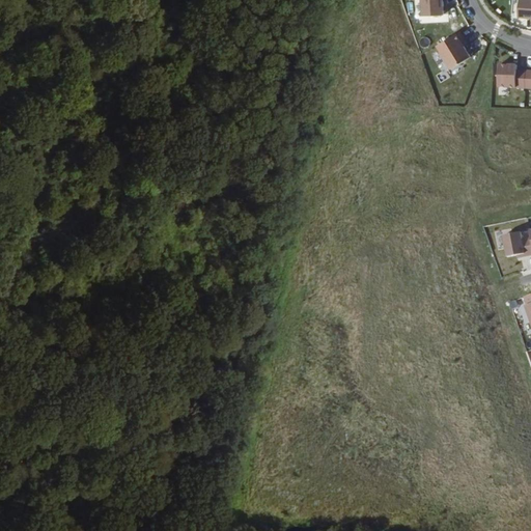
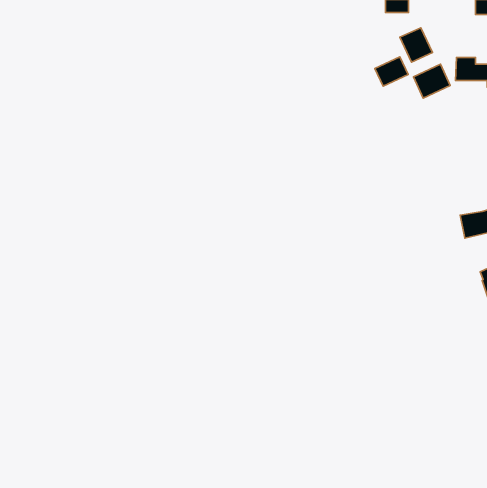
building: none -> [375,57,408,86]
building: none -> [413,64,450,98]

